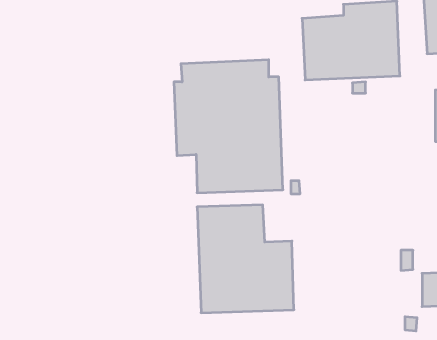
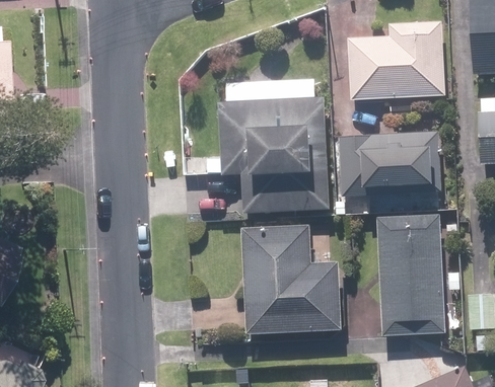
building: none -> [337,130,441,196]
building: none -> [375,213,445,336]

